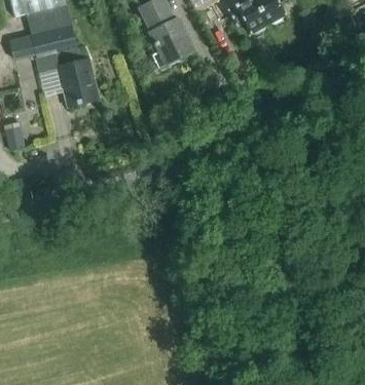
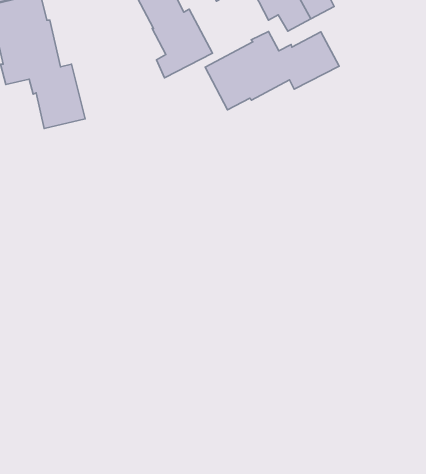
building: none -> [205,31,339,110]

